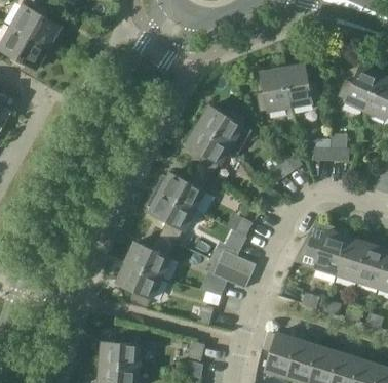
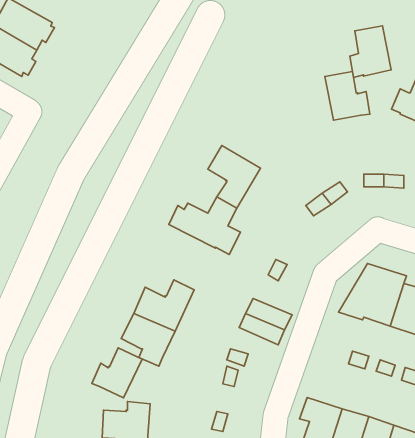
building: [256,70,289,112] -> [350,26,391,77]
building: [198,107,251,154] -> none
building: [147,190,193,244] -> none
building: none -> [92,348,142,398]

